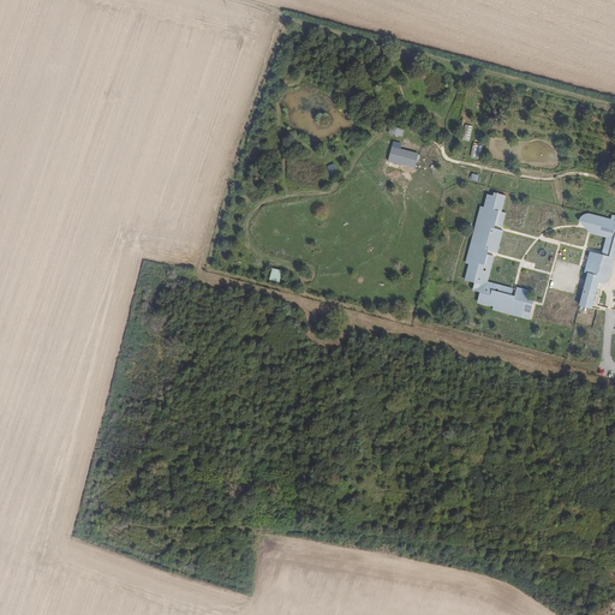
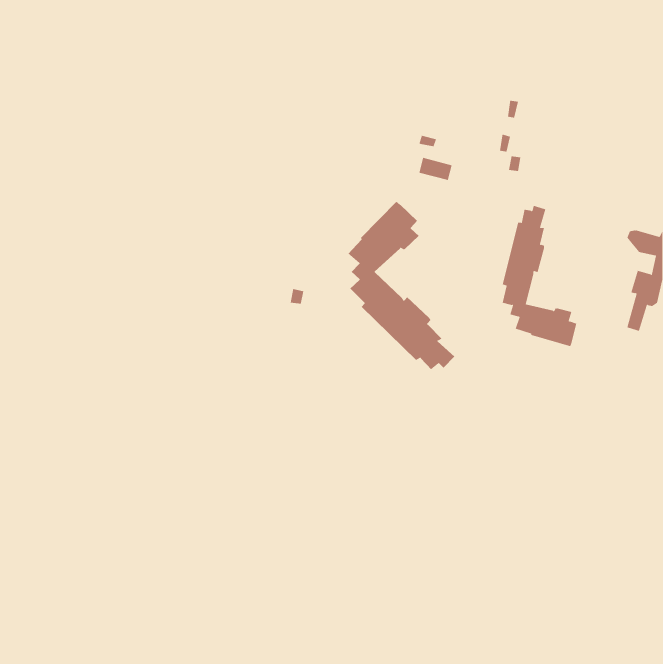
building: none -> [347,201,455,370]

